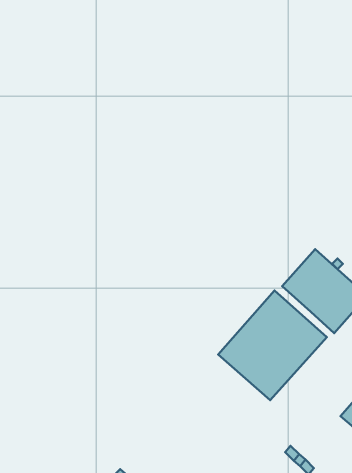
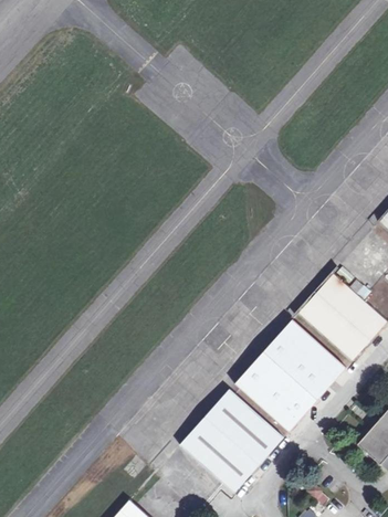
building: none -> [178,390,283,494]

